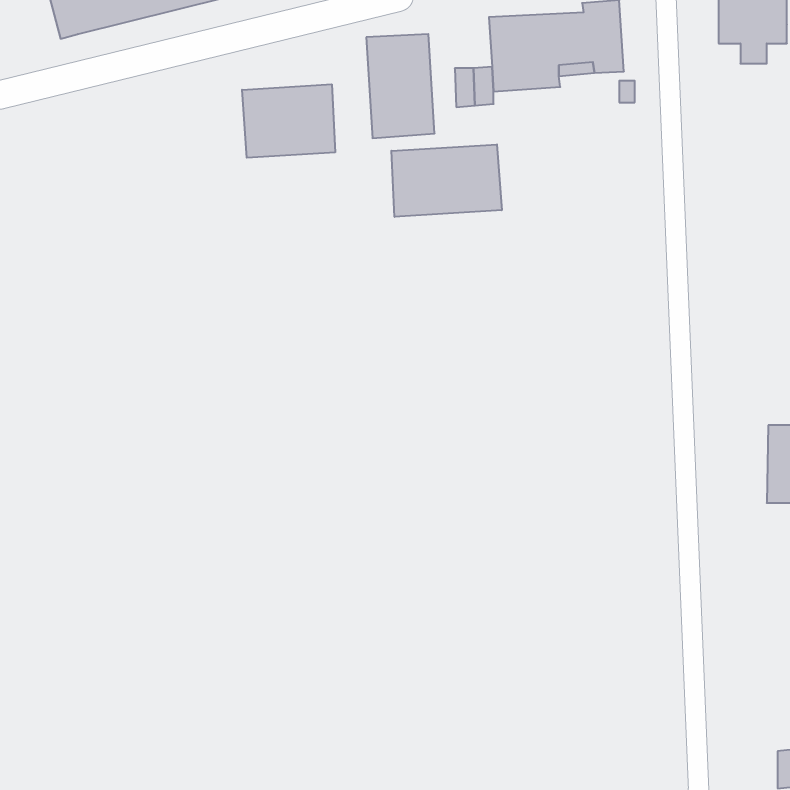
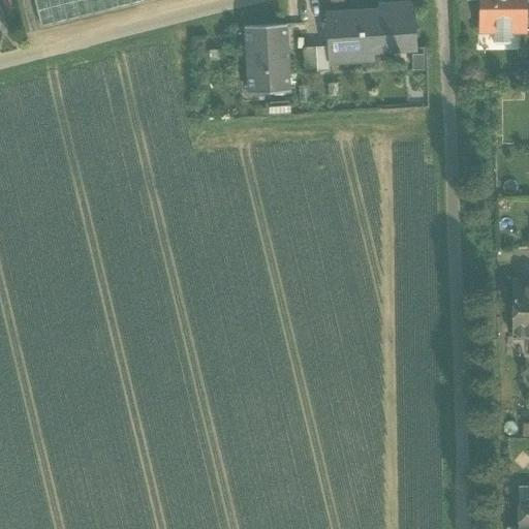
building: [242,84,335,158] -> none
building: [391,144,502,217] -> none

